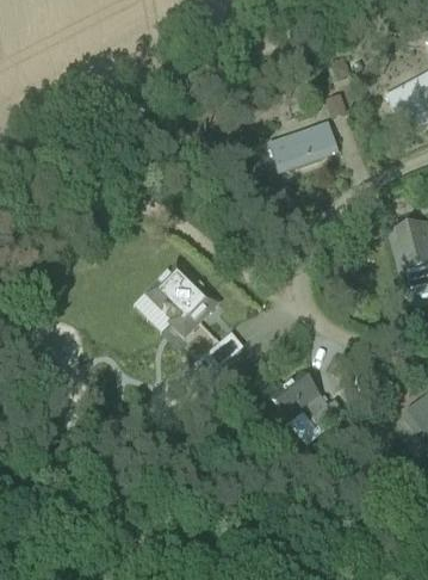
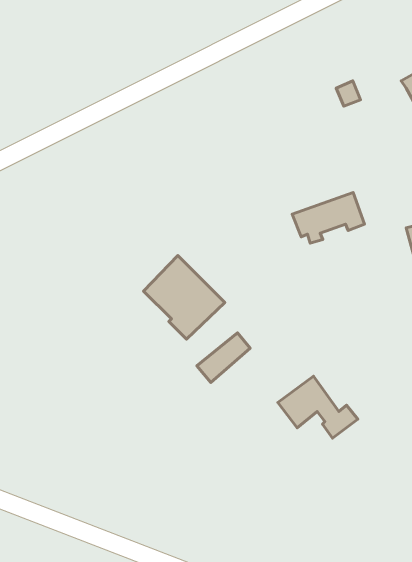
building: [269,123,337,171] -> [292,192,365,243]

